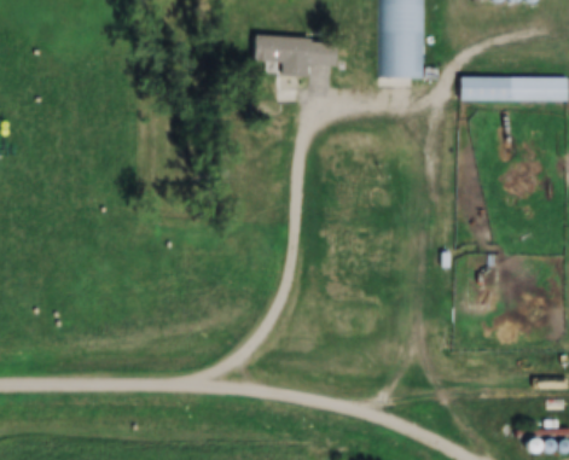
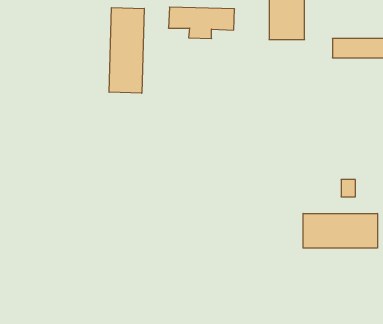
building: none -> [109,8,144,93]
building: none -> [303,213,377,248]

